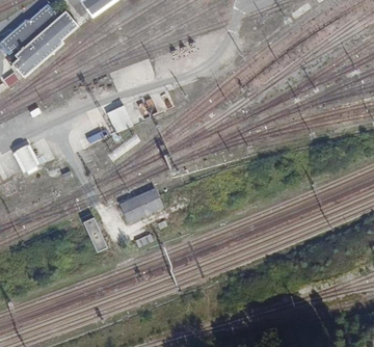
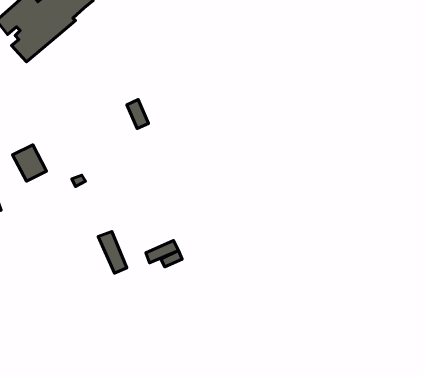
building: [118,187,162,220] -> none

